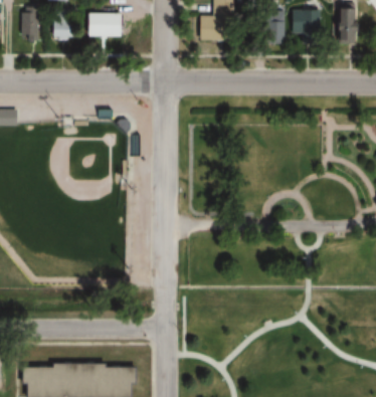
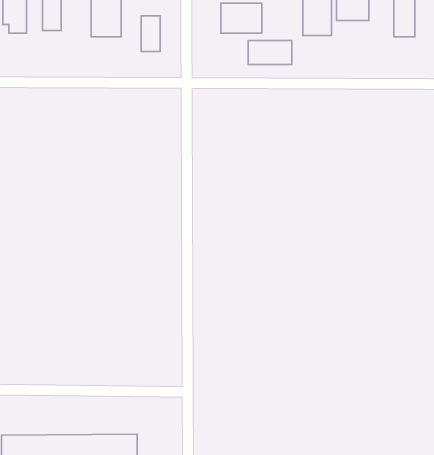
building: none -> [141,16,160,51]
building: none -> [248,41,292,65]

